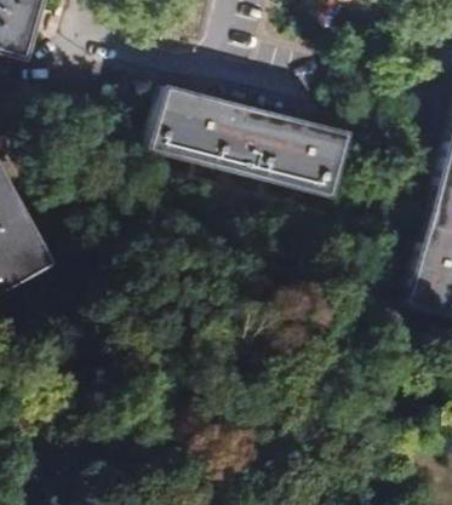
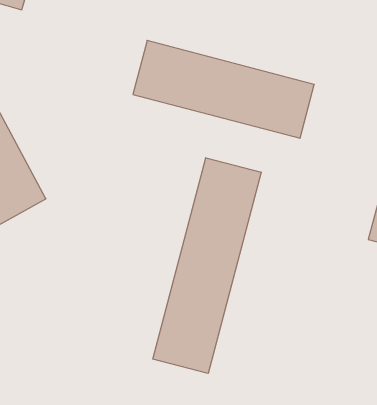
building: none -> [153,158,261,373]

